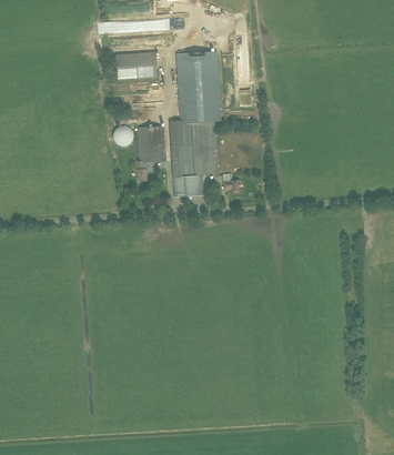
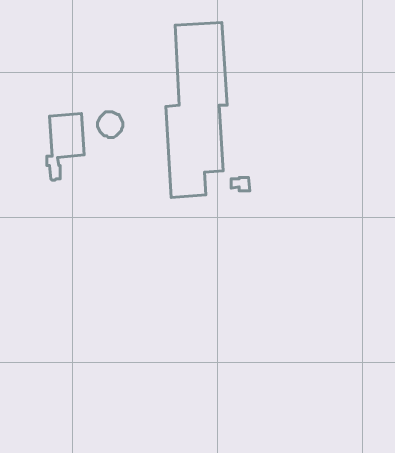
building: [114,51,155,79] -> none
building: [134,125,165,181] -> [47,114,84,180]

